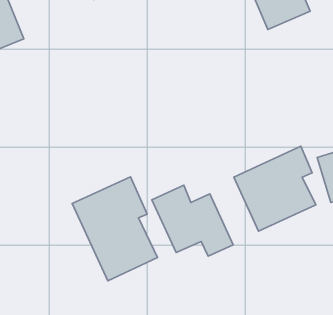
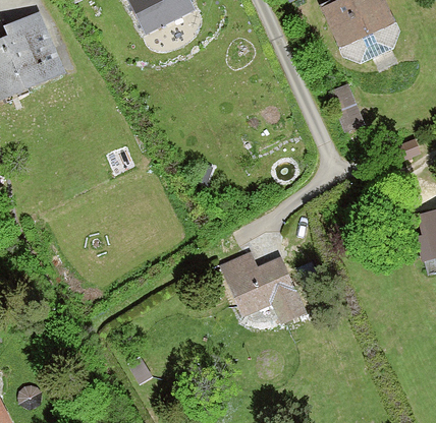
building: [234,146,316,231] -> none
building: [72,177,157,281] -> none

